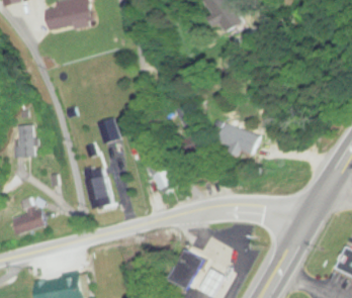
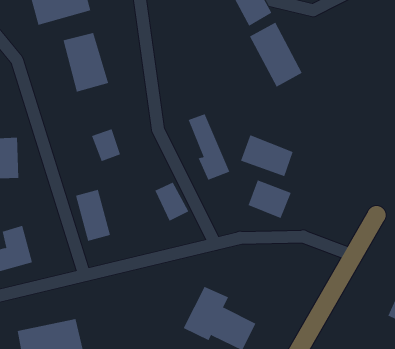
building: none -> [249,22,303,87]
building: none -> [63,32,109,92]
building: none -> [248,180,291,219]

